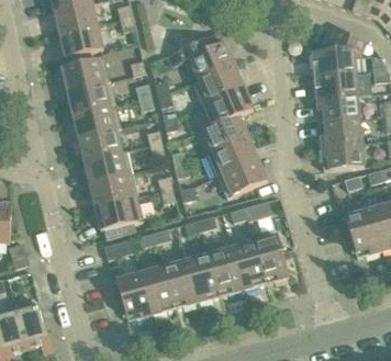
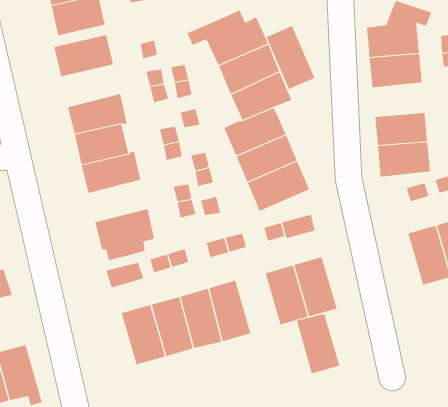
building: none -> [266,25,315,90]
building: [67,80,115,114] -> none
building: [316,94,359,122] -> none
building: [89,172,137,206] -> none
building: [208,247,243,295] -> [296,314,340,374]

